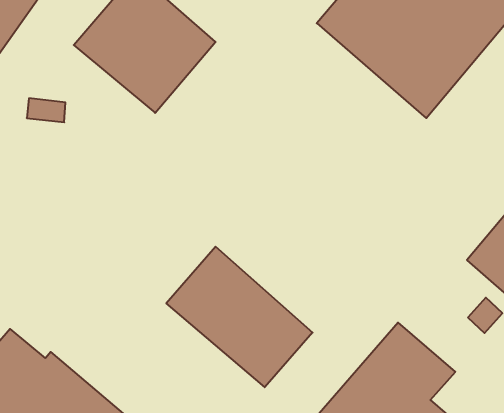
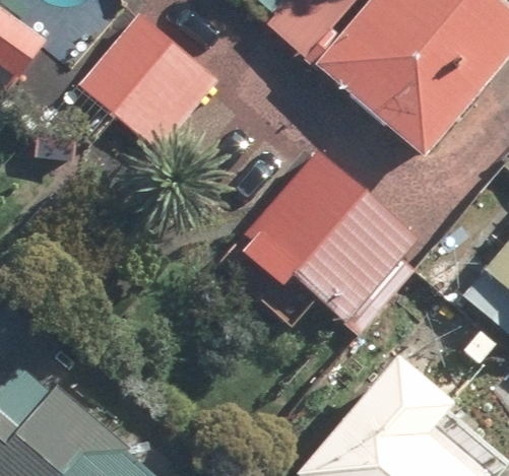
building: none -> [244,150,423,326]
building: [166,247,313,387] -> none

